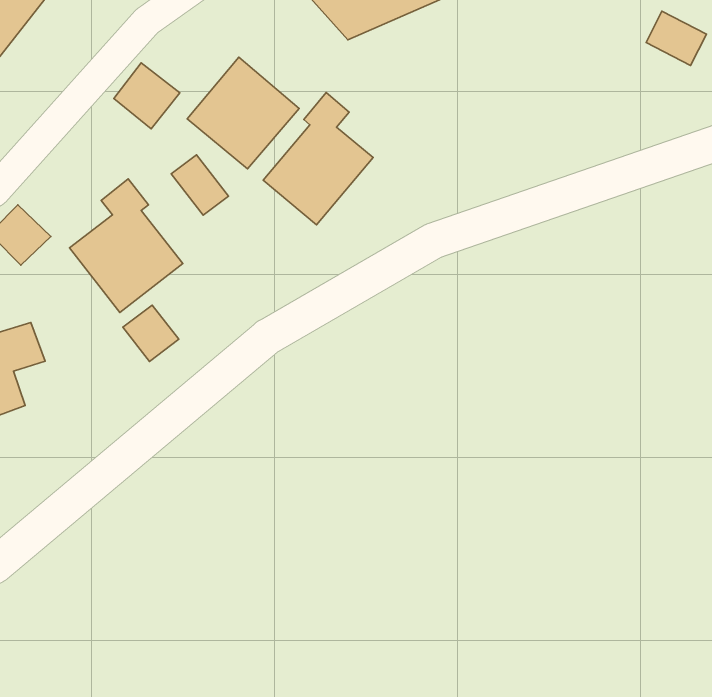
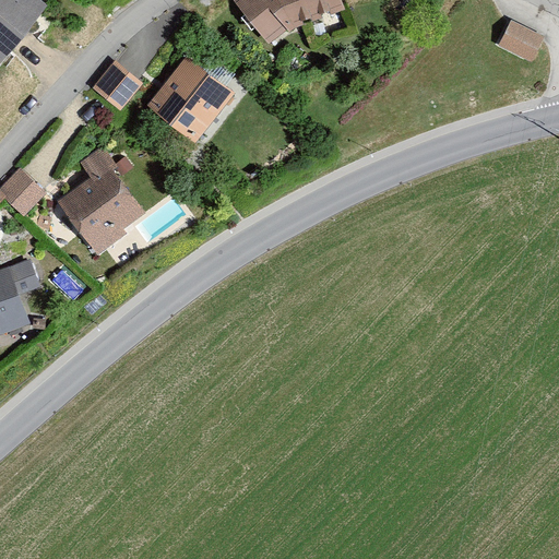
building: [263,93,373,225] -> none
building: [171,155,229,215] -> none
building: [123,305,179,362] -> none

